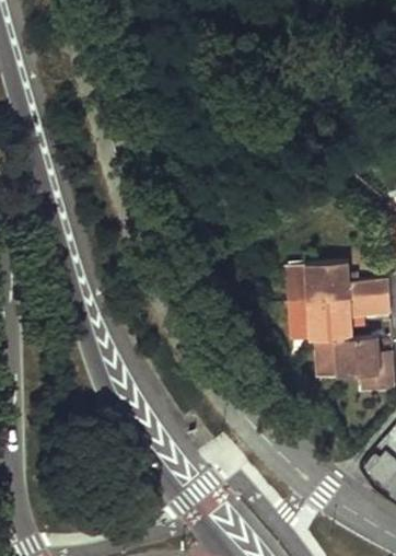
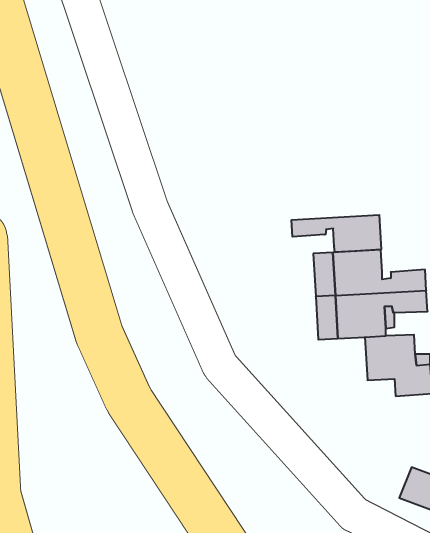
building: none -> [292,215,381,252]

